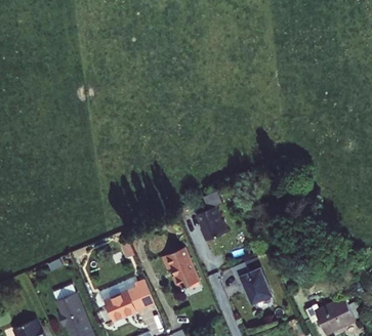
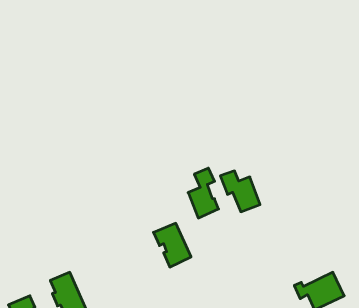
building: [231,261,271,302] -> [220,171,260,212]
building: [102,278,154,321] -> none

